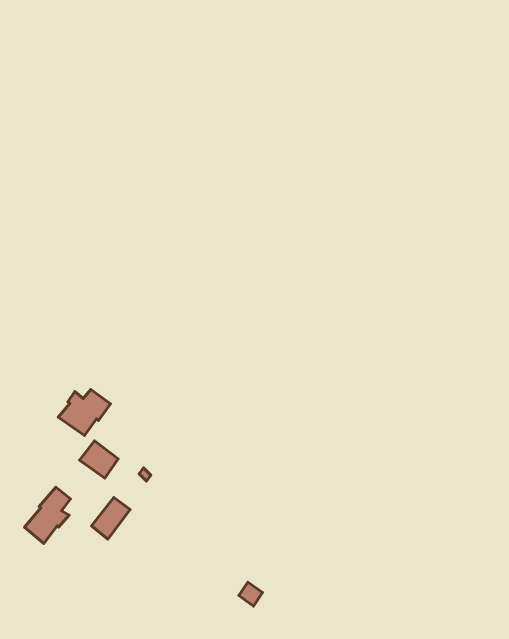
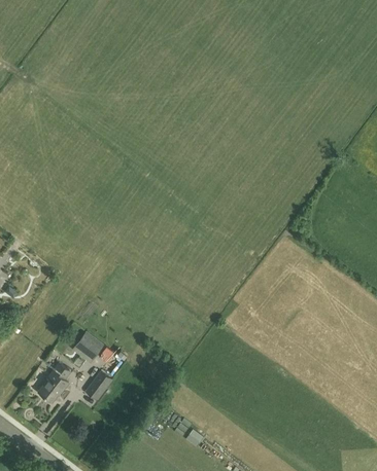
building: [58,389,110,436] -> none

